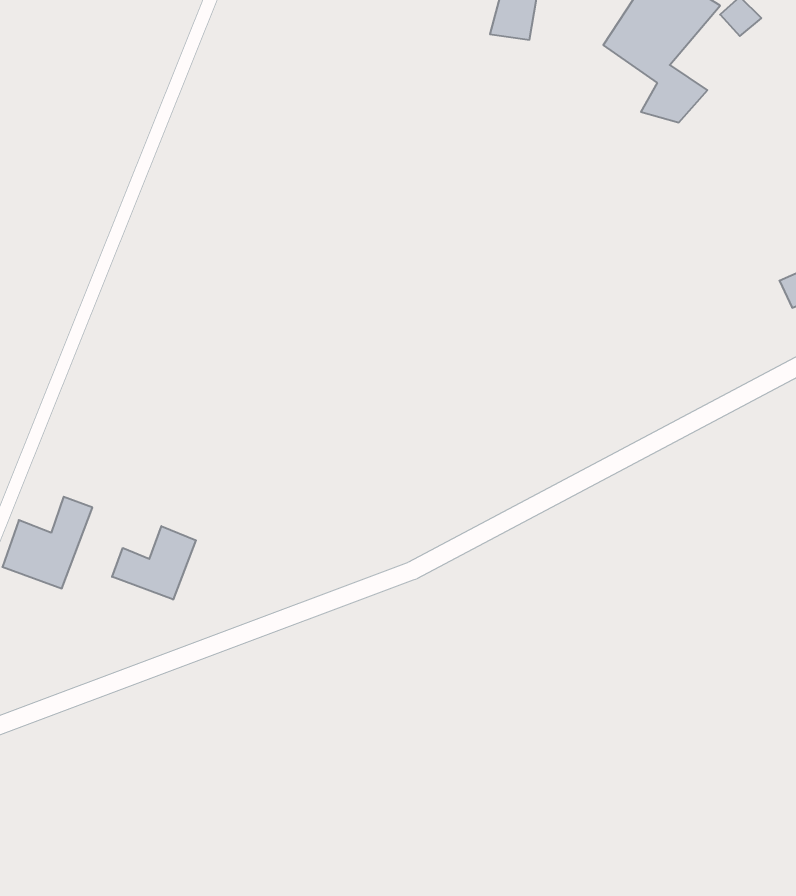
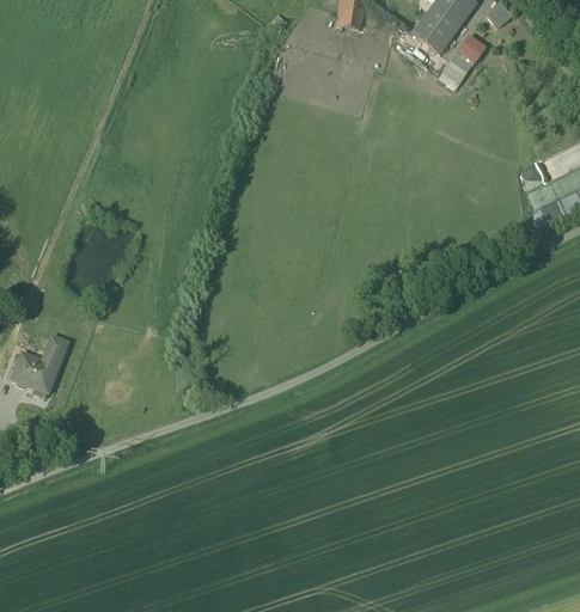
building: [112,526,196,600] -> none

